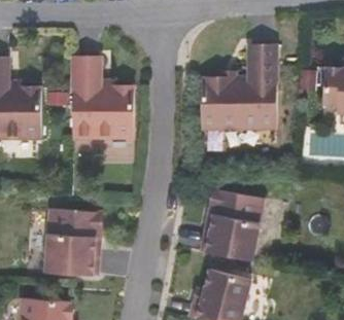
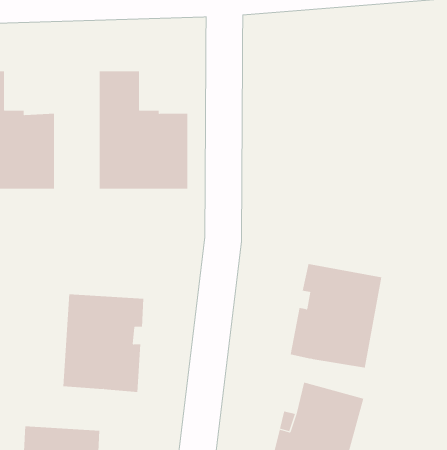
building: [201,45,277,130] -> none

